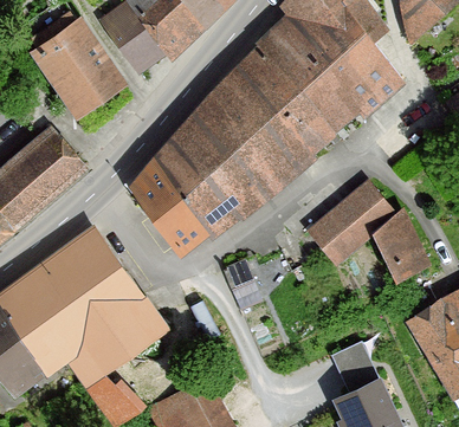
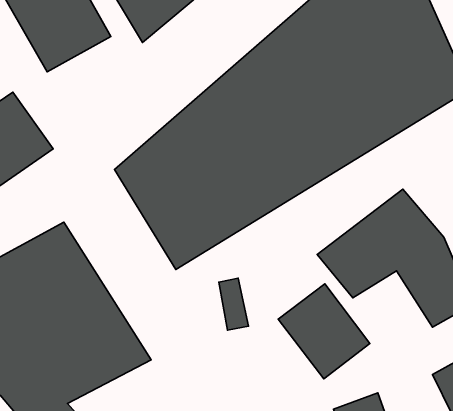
building: none -> [278,284,370,379]

